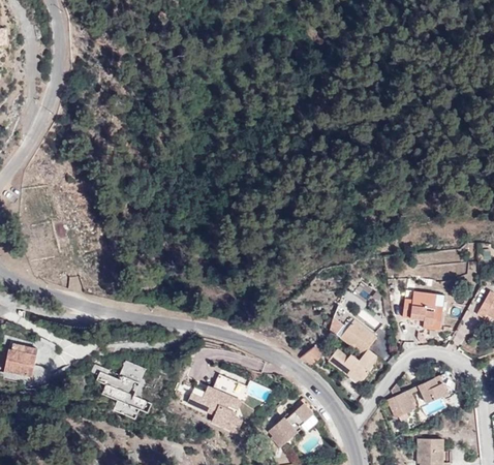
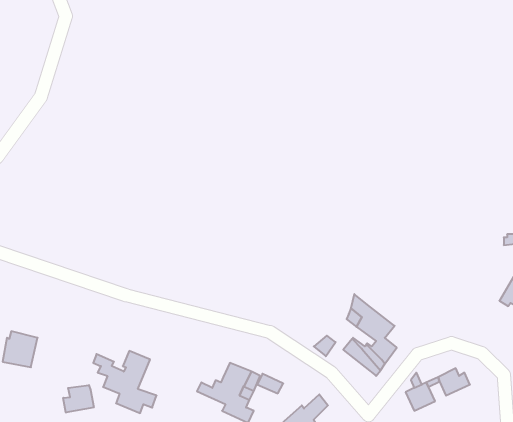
building: [402,290,442,330] -> none
building: none -> [63,385,94,413]

